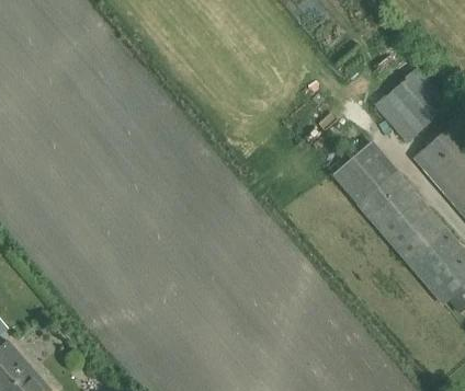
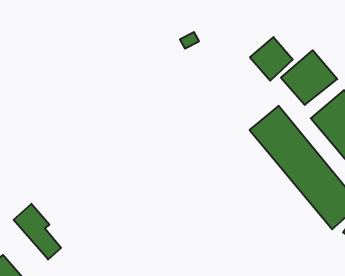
building: none -> [250,37,293,81]
building: none -> [14,204,61,260]

